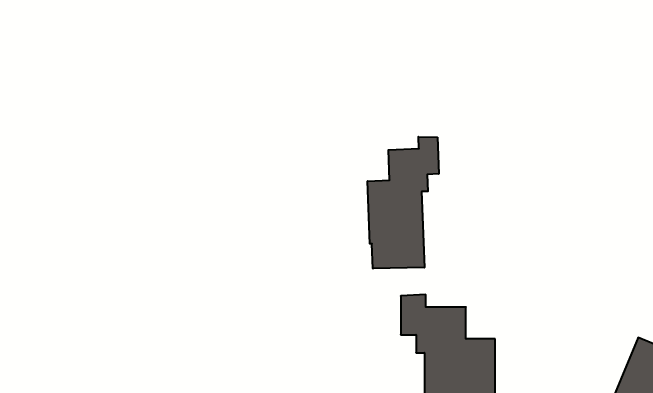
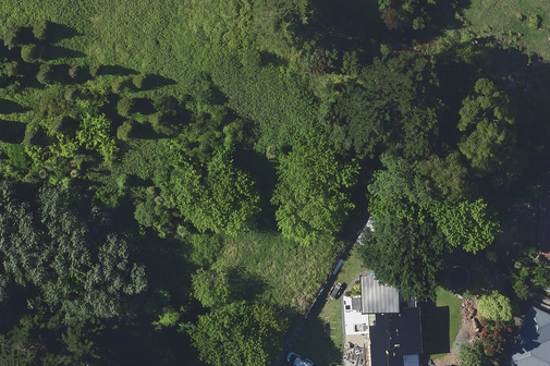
building: [368,137,439,269] -> none

